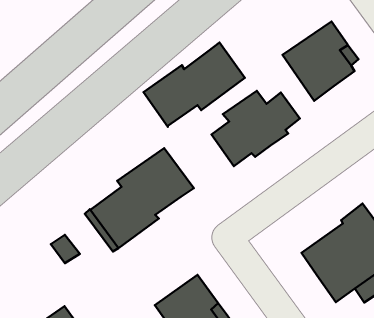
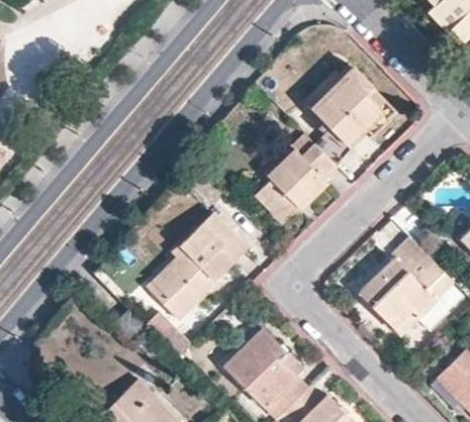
building: [143,42,245,127] -> none

